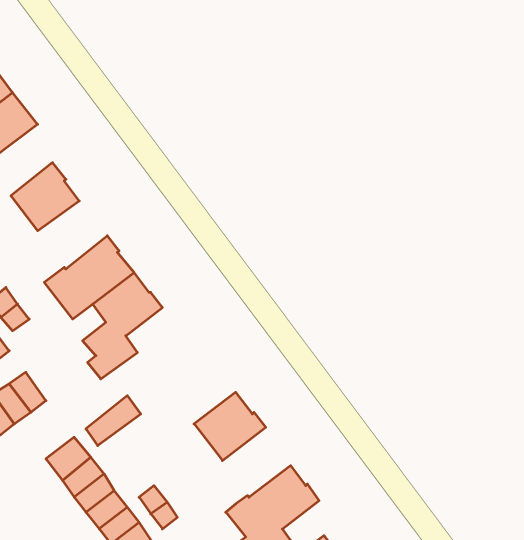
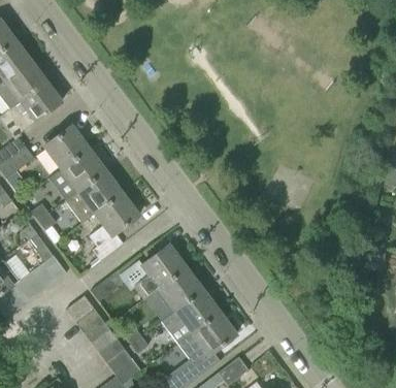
building: none -> [48,150,104,200]
building: none -> [133,246,184,299]
building: none -> [161,290,218,343]

